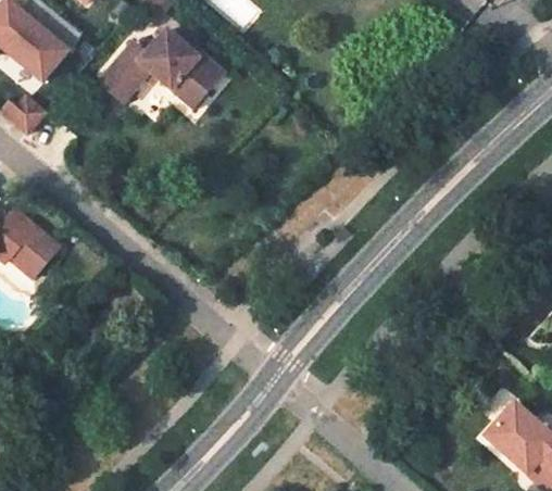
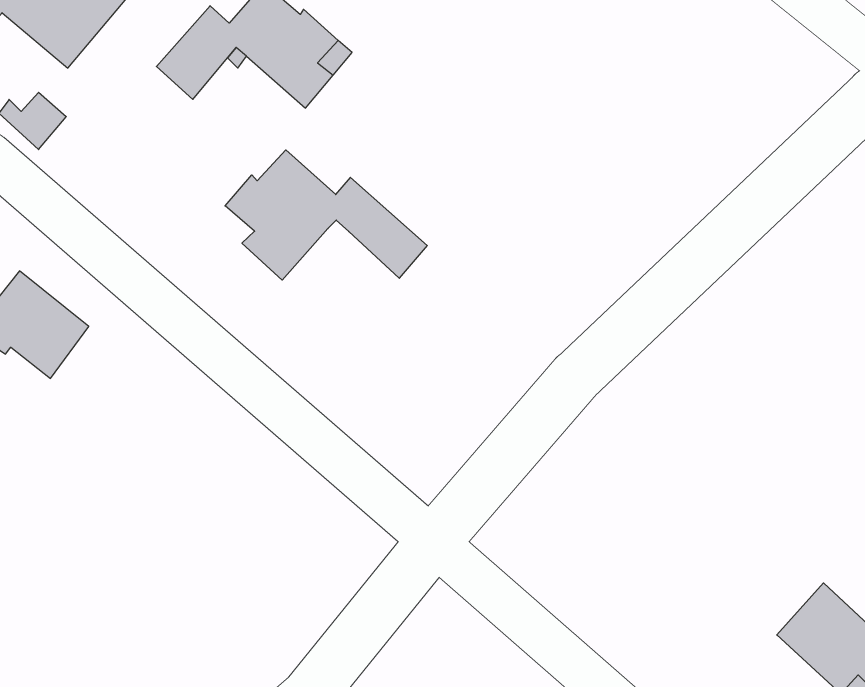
building: none -> [225,150,427,280]

